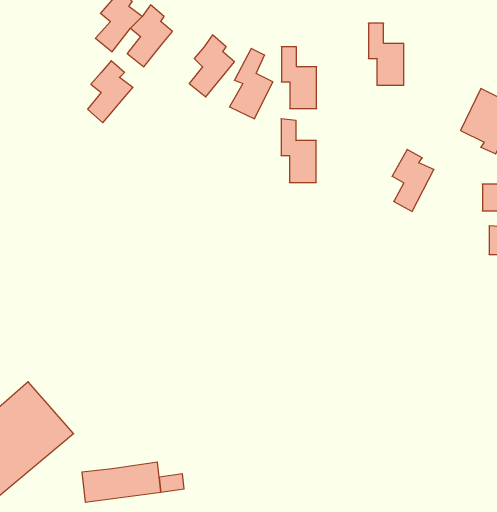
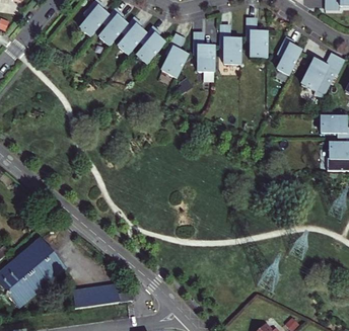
building: [88,61,133,123] -> [119,17,146,55]
building: [281,119,316,182] -> [219,25,240,64]
building: [392,149,434,211] -> [276,37,301,75]

